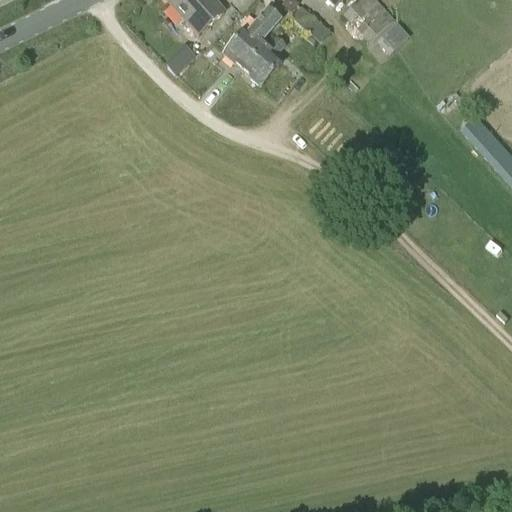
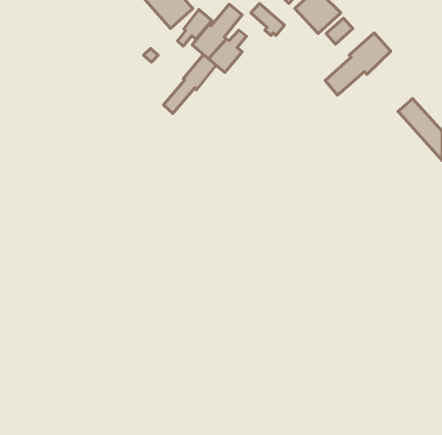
building: none -> [177,10,212,46]
building: none -> [325,33,391,95]
building: none -> [163,55,216,114]

